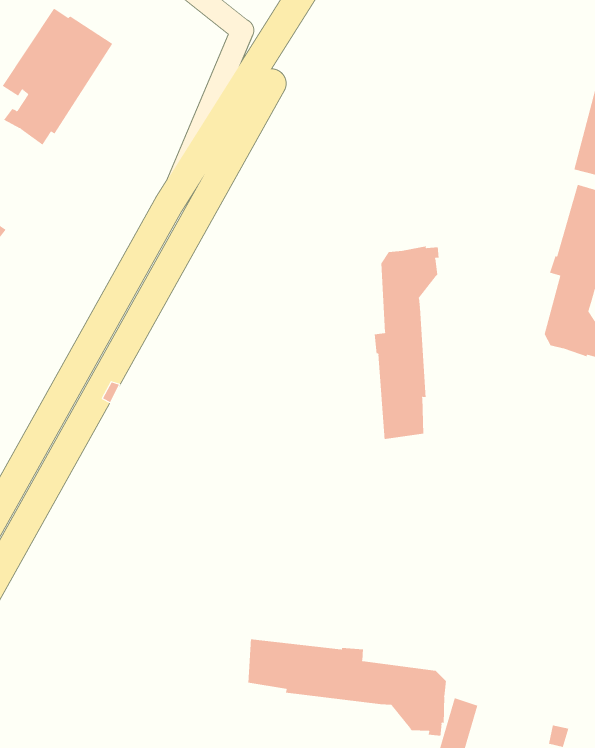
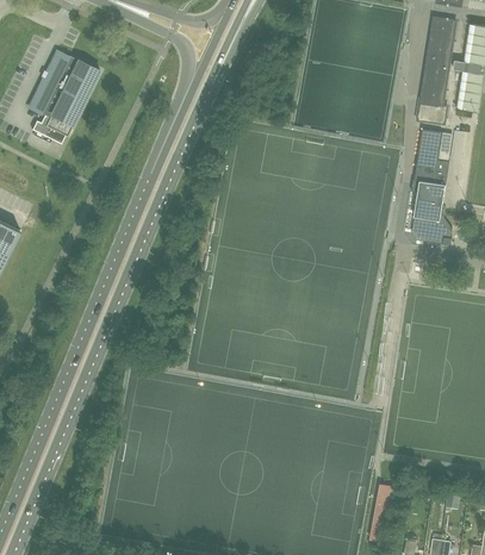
building: [374,246,439,440] -> none
building: [248,638,446,737] -> none

